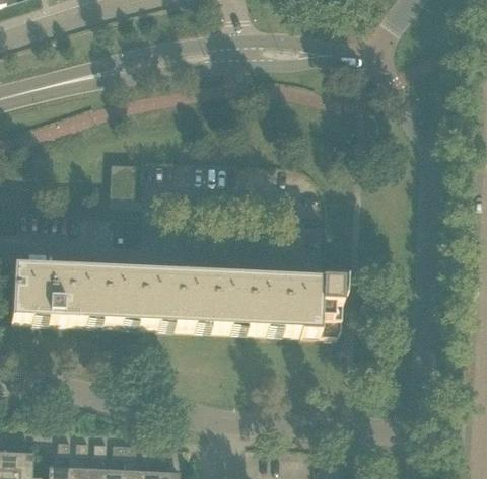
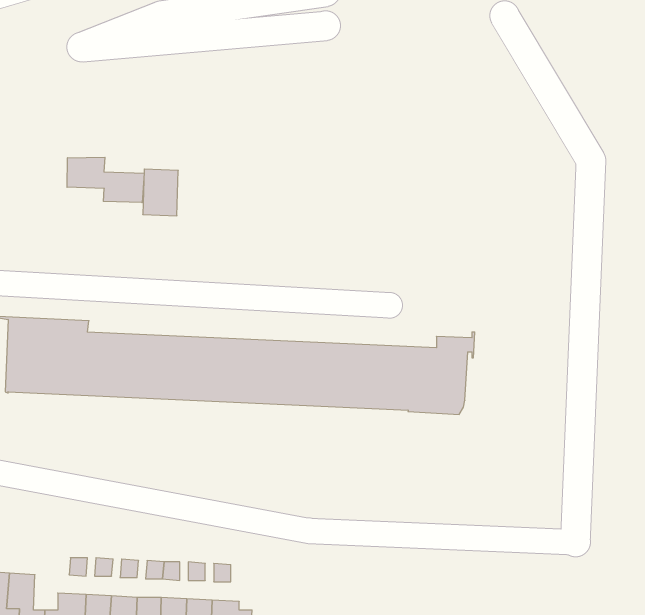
building: none -> [67,157,144,203]

